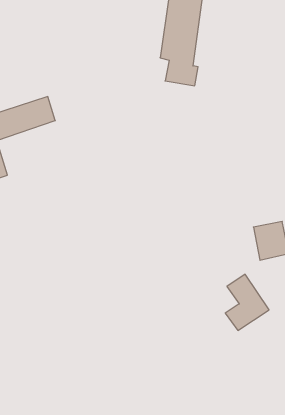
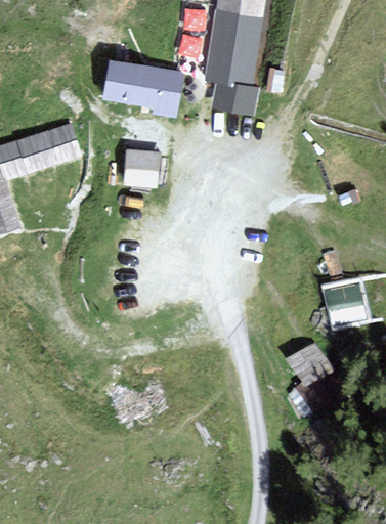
building: none -> [105,62,180,106]
building: none -> [124,150,157,183]

